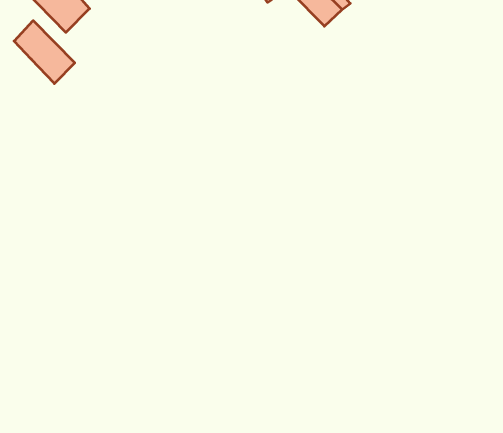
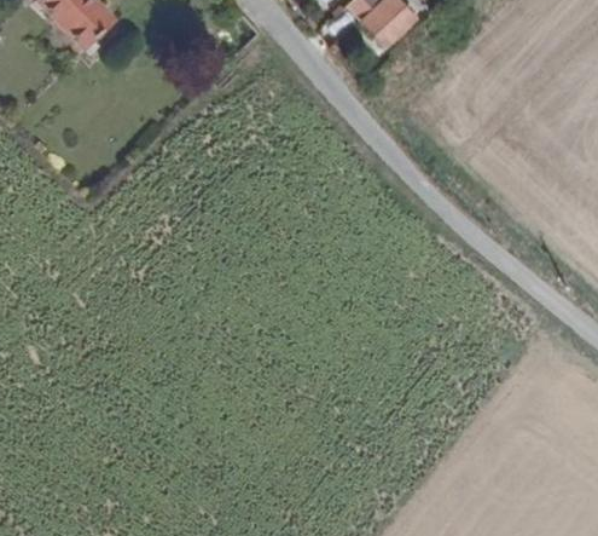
building: [14,21,75,84] -> none

